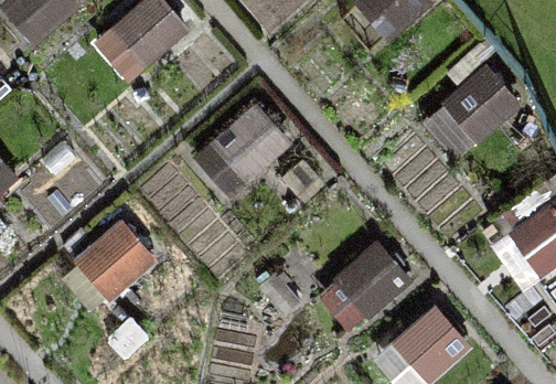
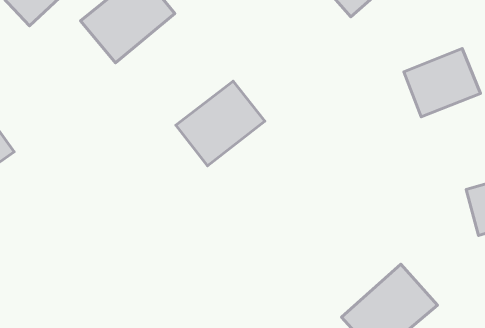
building: [70,214,161,305] -> none
building: [316,243,409,334] -> none

